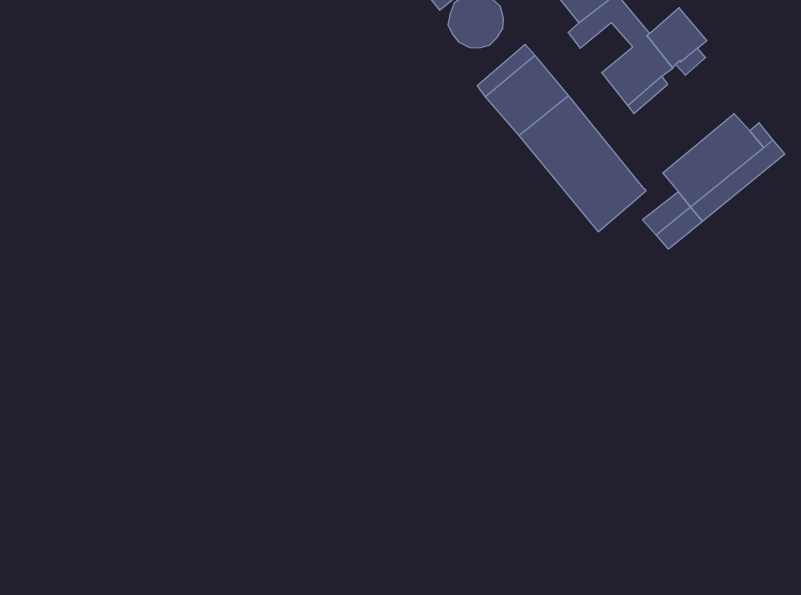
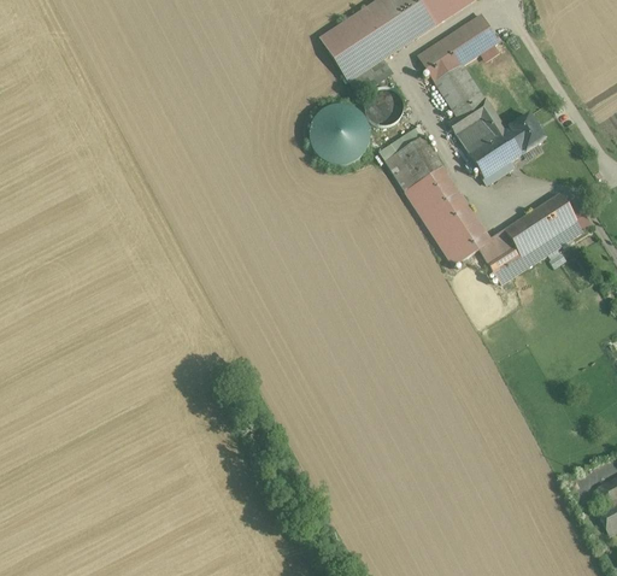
building: none -> [456,118,493,153]
building: none -> [310,104,369,164]
building: none -> [478,229,513,260]

